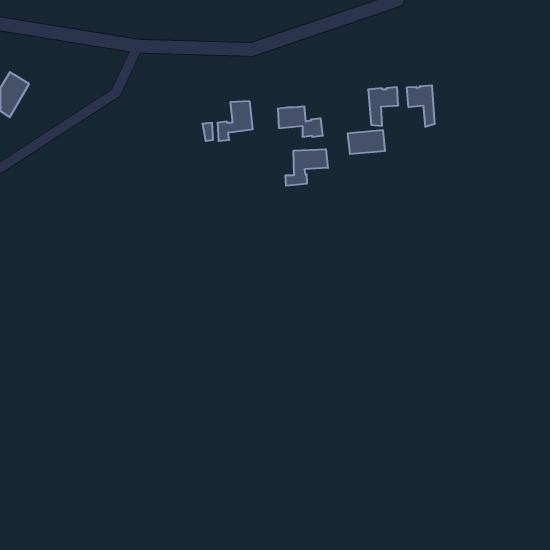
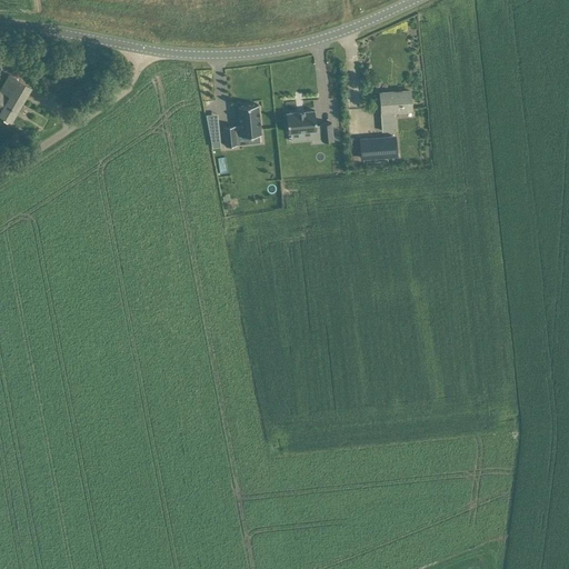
building: [407,85,435,127] -> none
building: [285,149,328,186] -> none

